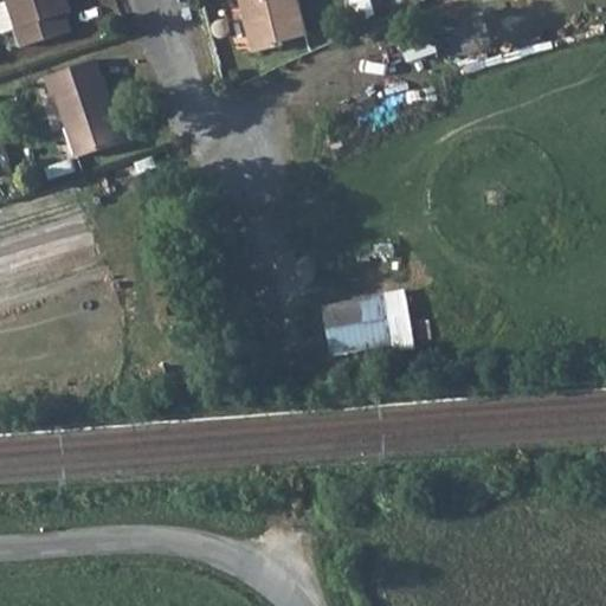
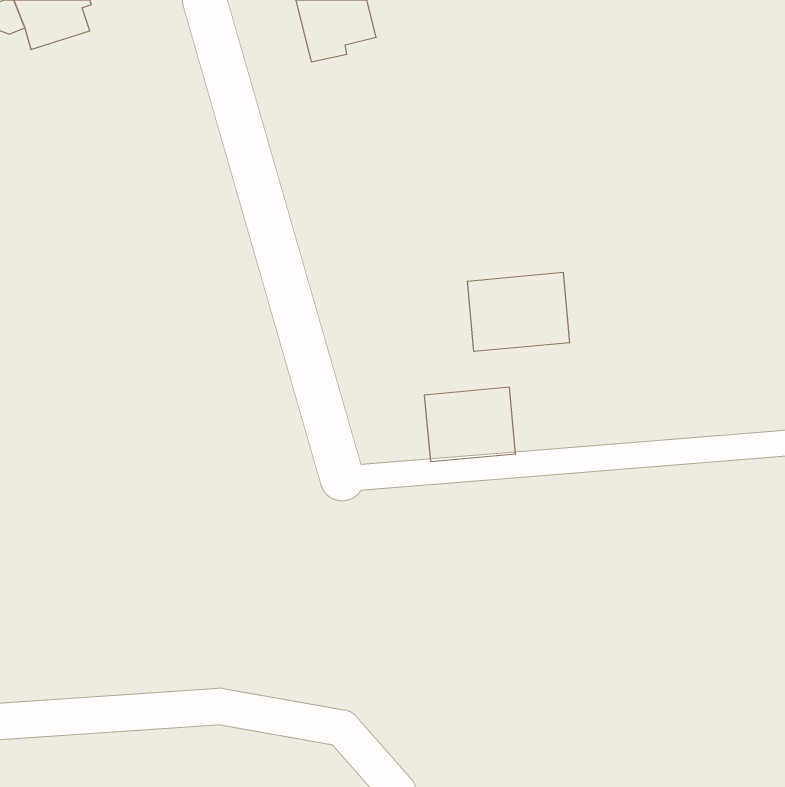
building: [45,51,127,148] -> none
building: none -> [468,272,569,352]

